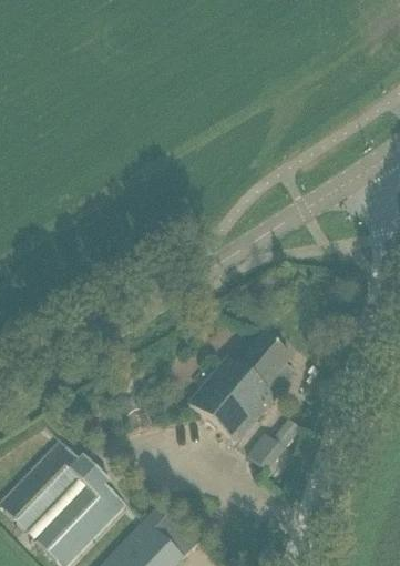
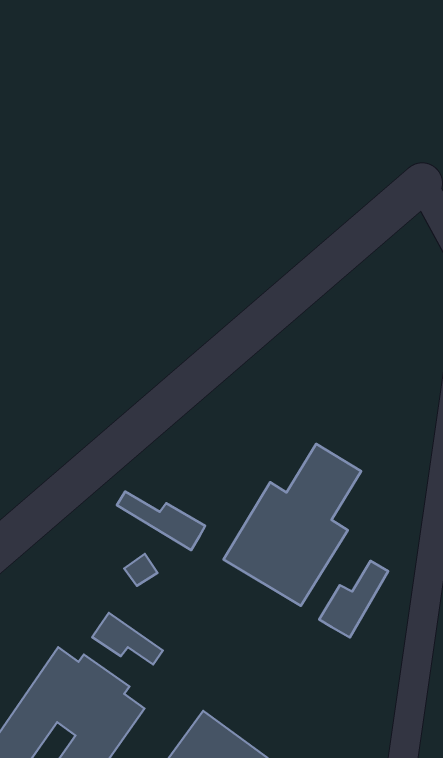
building: none -> [117,491,205,550]
building: none -> [92,613,163,664]

